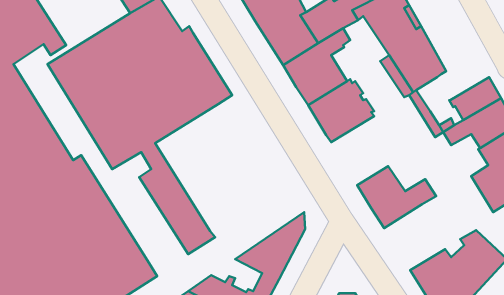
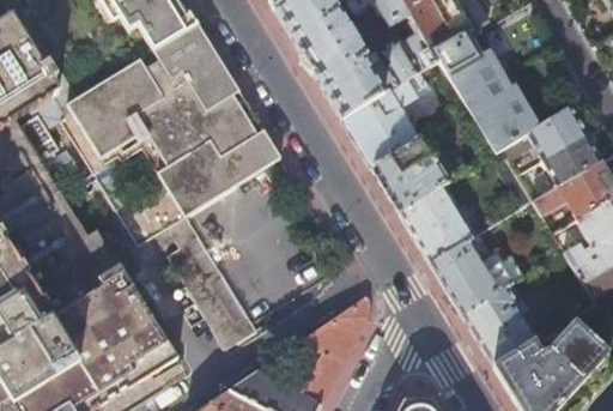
building: none -> [526,105,588,162]
building: none -> [399,185,477,264]
building: none -> [462,286,535,365]

